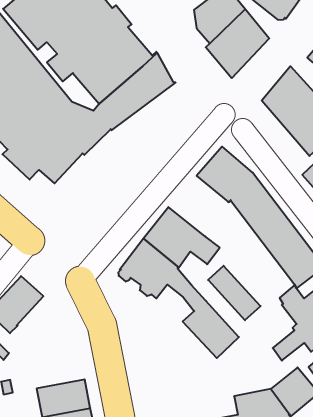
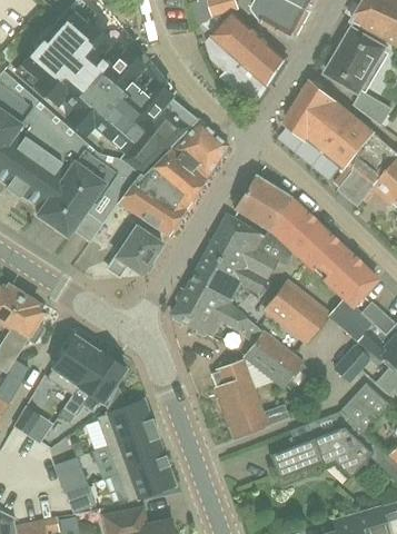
building: none -> [119,117,228,236]
building: none -> [108,224,161,275]
building: none -> [211,212,278,275]
building: none -> [276,277,331,327]
building: none -> [78,350,126,402]
building: none -> [210,360,289,437]
building: none -> [97,399,155,445]

